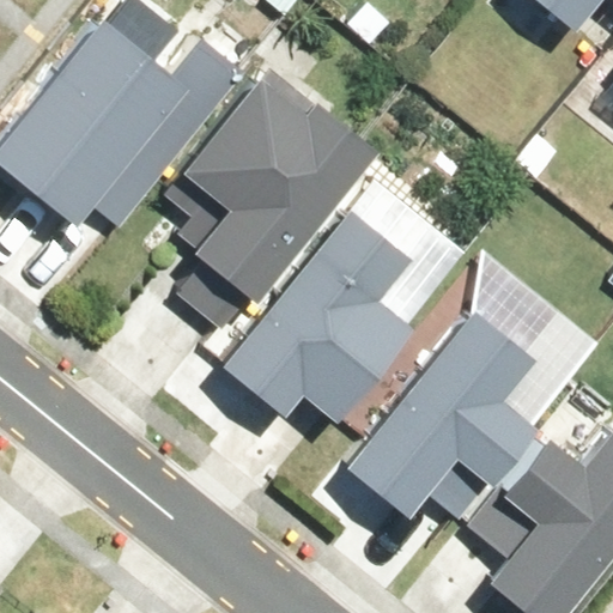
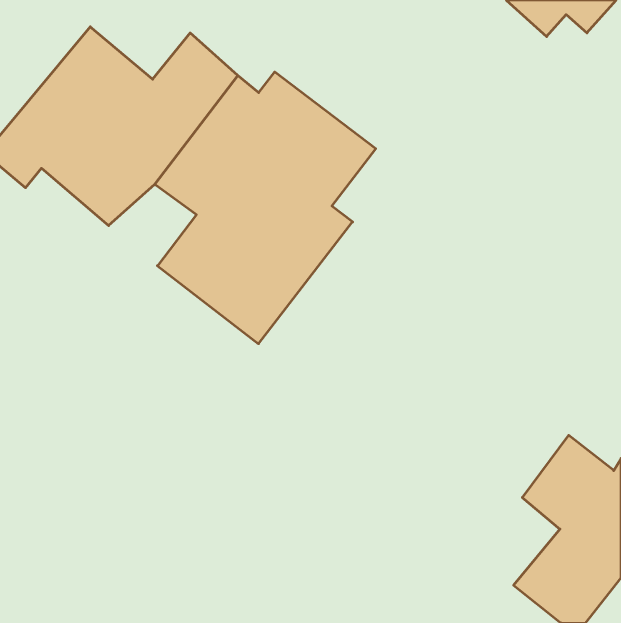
building: [229,199,435,421] -> none
building: [370,305,558,511] -> none

